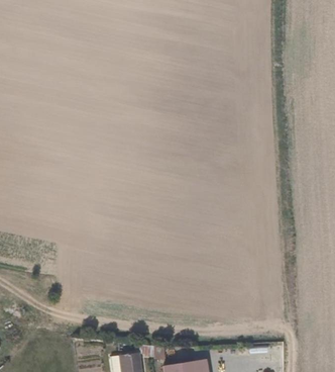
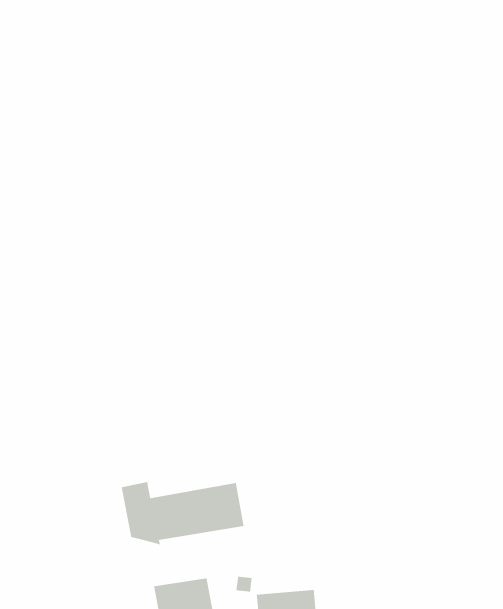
building: none -> [121,481,244,546]

